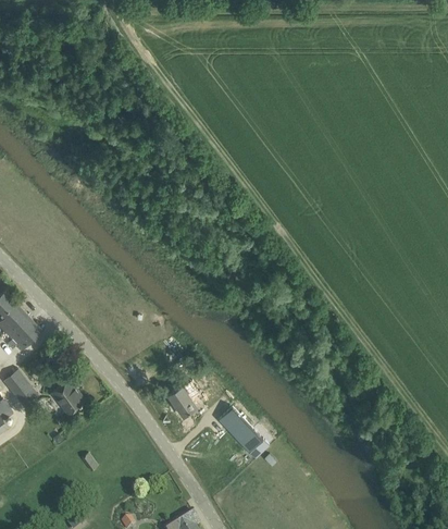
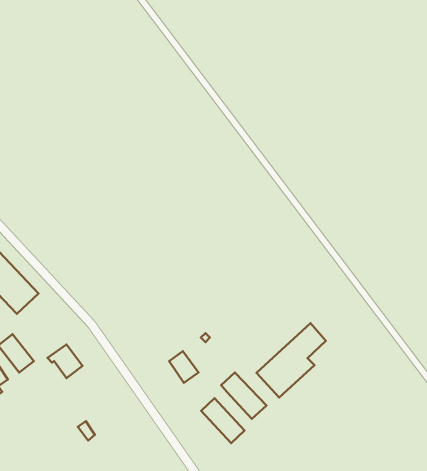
building: none -> [257,323,326,397]
building: none -> [201,398,244,443]

